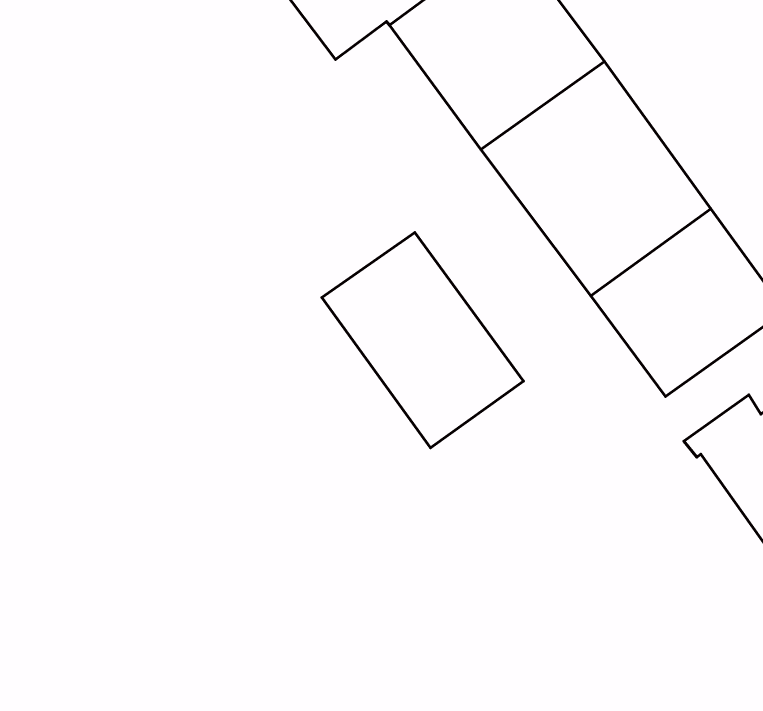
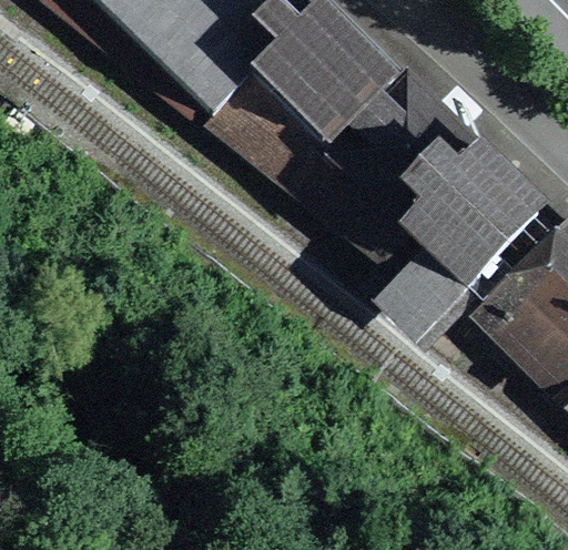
building: [322,233,523,448] -> none

